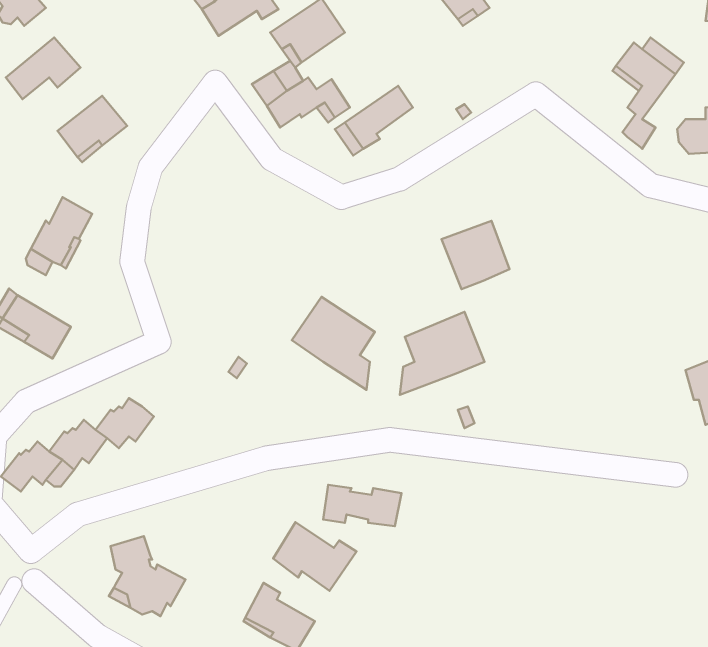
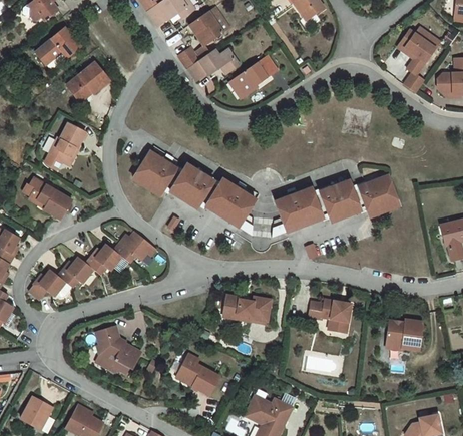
building: [442,221,510,289] -> [317,183,358,225]
building: none -> [132,151,176,195]
building: none -> [169,165,213,209]
building: none -> [356,177,397,219]
building: none -> [114,229,156,260]
building: none -> [308,300,351,333]
building: [273,522,357,591] -> none
building: none -> [386,320,423,351]

